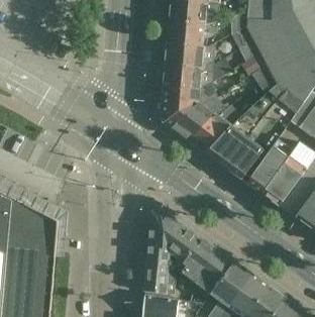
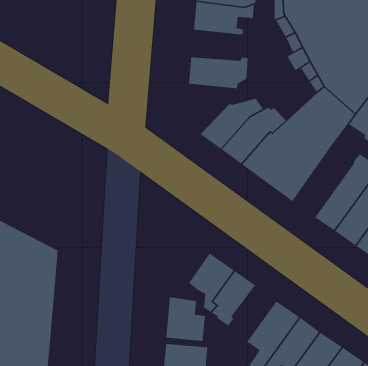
building: [164,43,213,68] -> none
building: [160,80,219,127] -> none
building: [245,137,294,194] -> none
building: [146,207,179,260] -> none
building: [194,248,232,294] -> none

